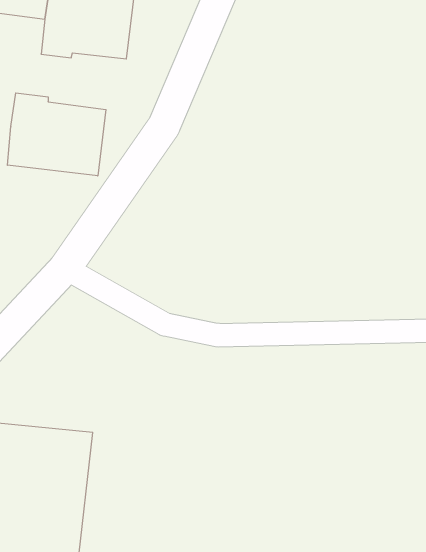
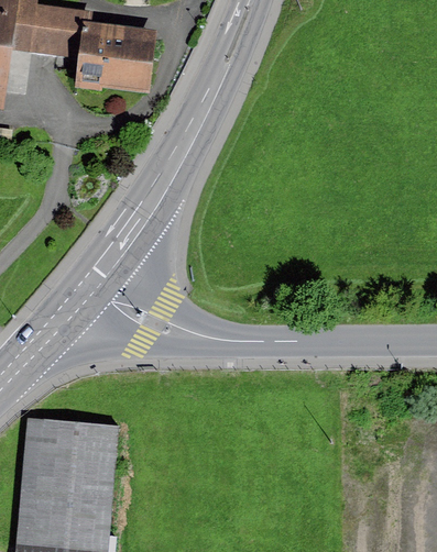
building: [7,93,106,176] -> none

